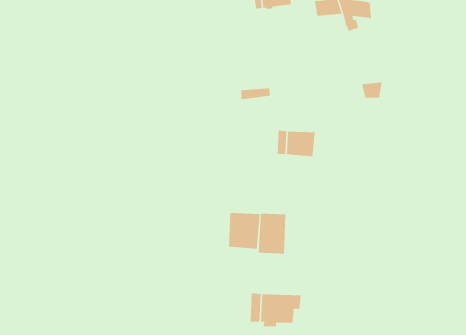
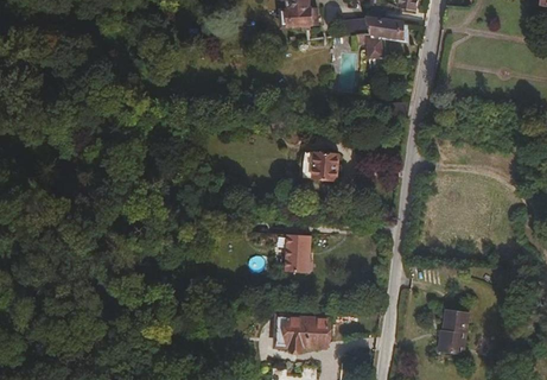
building: [228,212,260,250] -> none
building: none -> [441,308,470,353]

